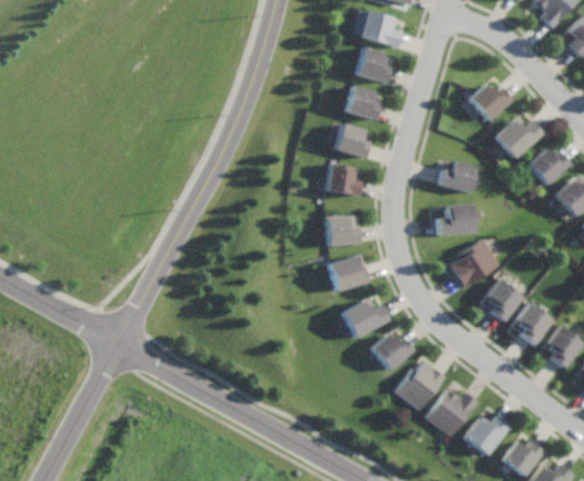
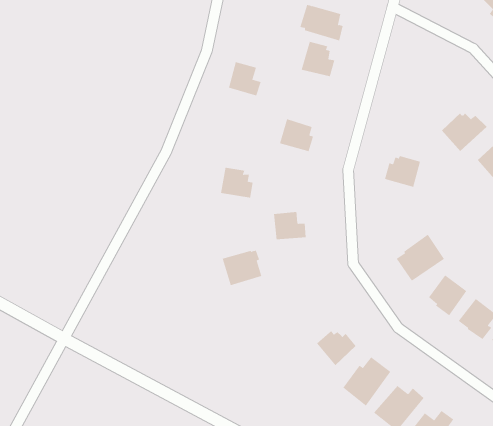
building: [469,84,511,118] -> none
building: [345,85,378,120] -> [228,62,261,96]
building: [325,165,358,195] -> [220,167,253,198]
building: [436,203,474,235] -> none
building: [327,256,367,291] -> [222,250,262,286]
building: [341,299,389,336] -> none

